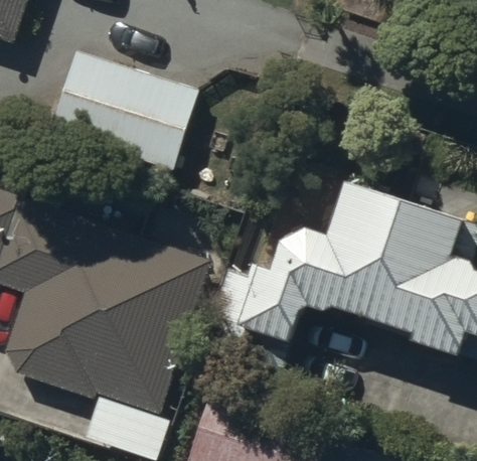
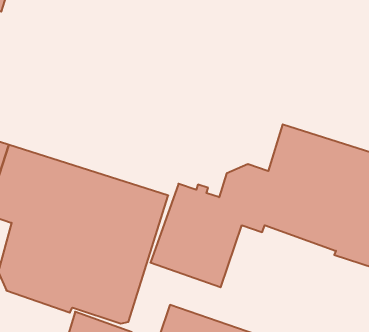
building: [53,54,198,172] -> none

